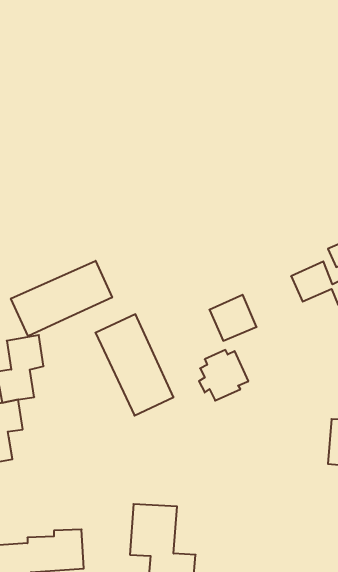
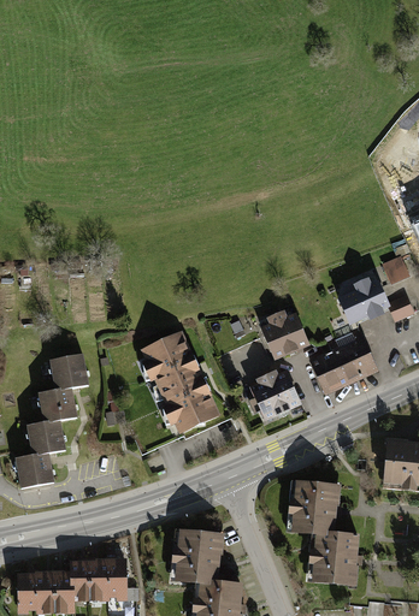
building: [11,261,112,336] -> none
building: none -> [308,316,376,395]
building: none -> [287,480,359,587]

